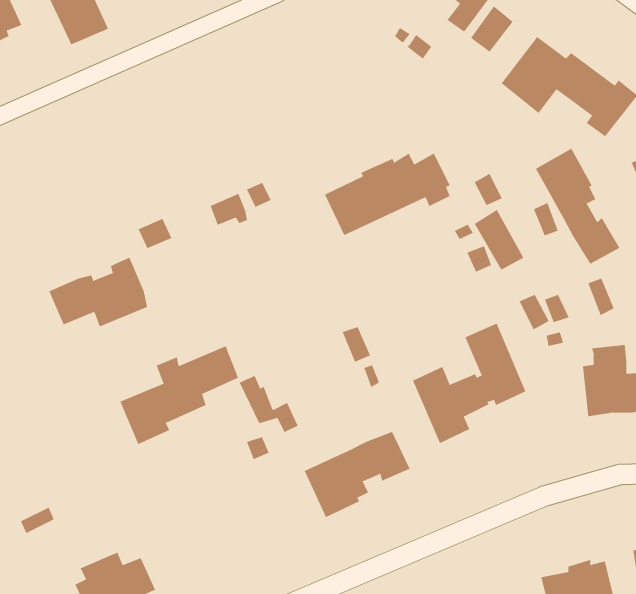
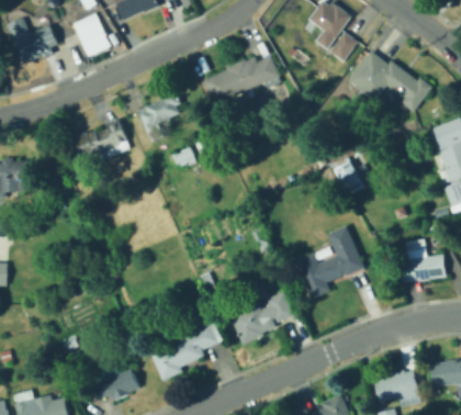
building: none -> [137,91,182,142]
building: [535,148,620,265] -> none
building: [324,153,451,236] -> [203,55,280,105]
building: [49,257,148,327] -> [69,119,130,161]
building: [120,346,239,445] -> [151,319,224,380]

